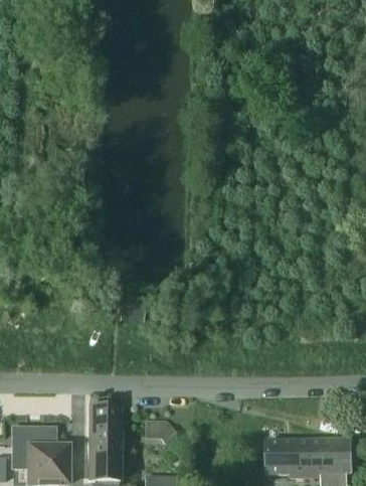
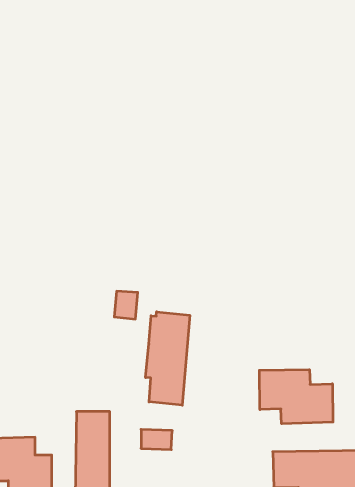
building: none -> [146,312,190,405]
building: none -> [259,370,333,424]

